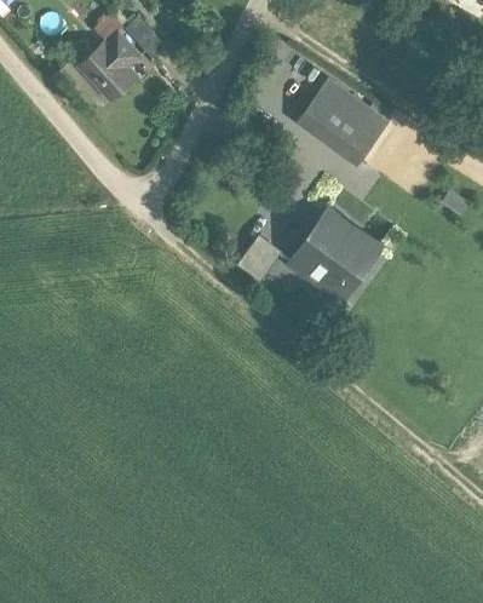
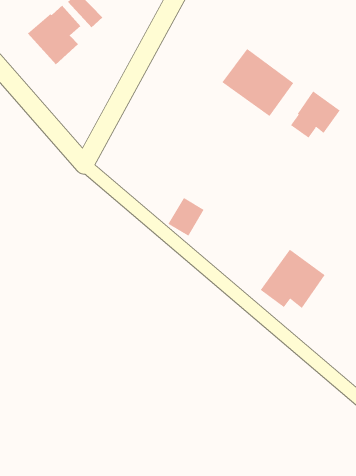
building: none -> [290,91,340,138]
building: [295,214,370,283] -> [260,249,325,309]

